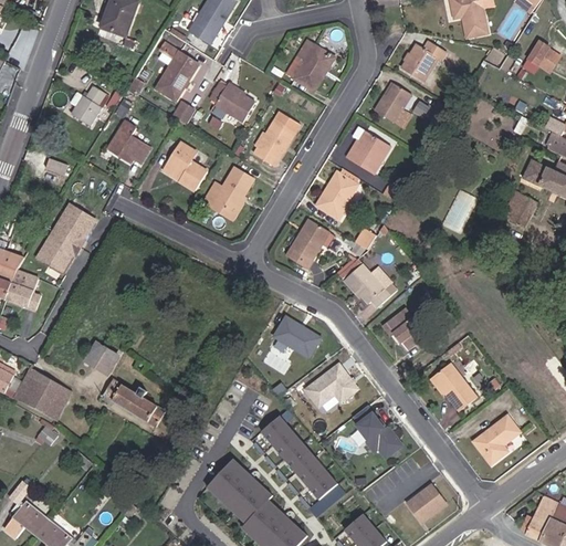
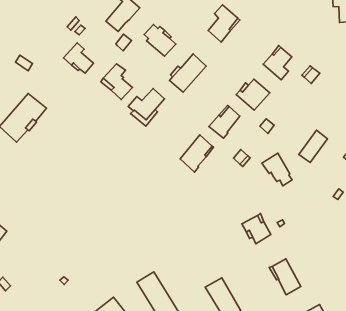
building: [401,42,446,82] -> none
building: [72,85,108,126] -> none
building: [344,266,388,308] -> [262,153,292,186]
building: [271,313,323,357] -> none
building: [85,344,118,375] -> none
building: [304,359,359,413] -> none
building: [103,379,165,427] -> none

